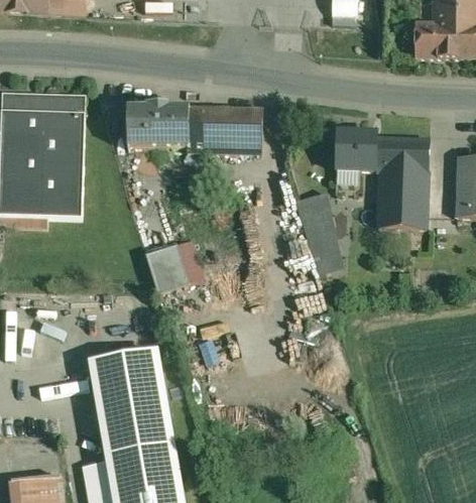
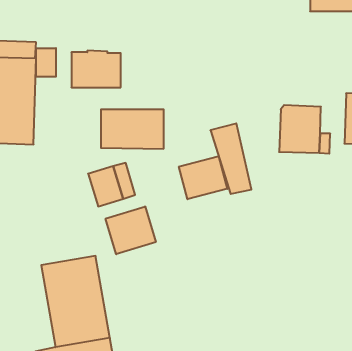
building: none -> [36,48,56,77]
building: [186,107,261,154] -> [101,109,164,149]
building: [334,129,428,171] -> none
building: none -> [179,156,227,199]
building: none -> [106,206,156,254]

